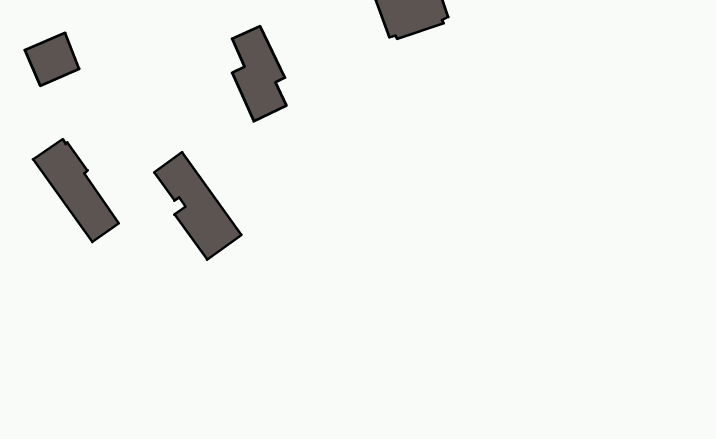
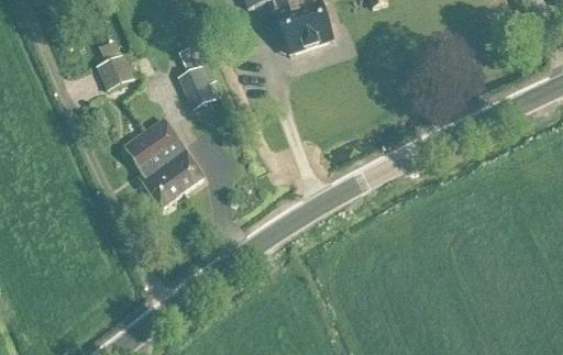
building: [25,33,79,86] -> [97,52,135,89]
building: [33,139,119,242] -> [144,117,205,189]

